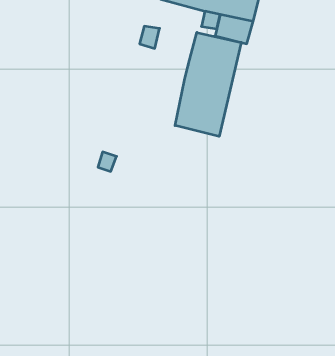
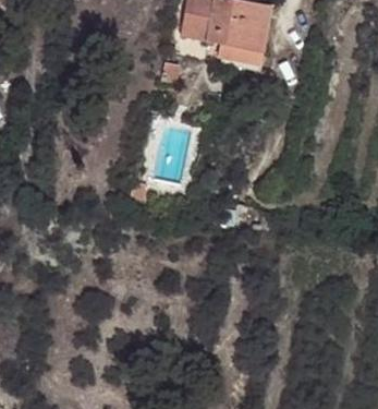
building: [175,32,241,136] -> none

